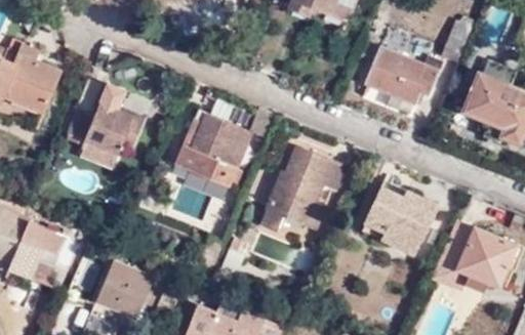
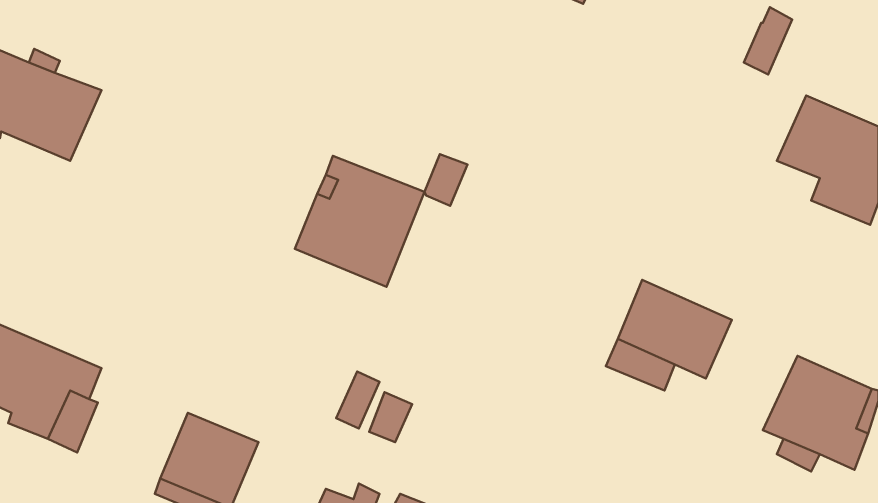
building: [366,46,443,103] -> none
building: [67,98,146,167] -> none
building: [266,145,348,231] -> none

